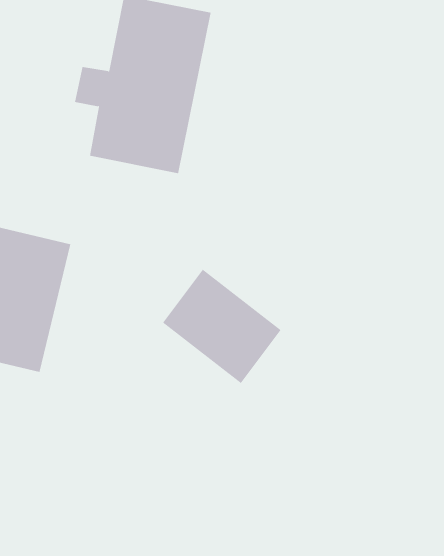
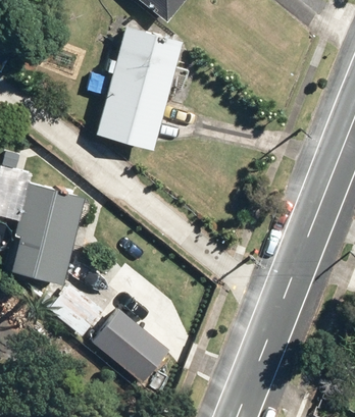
building: [162,269,281,384] -> [88,307,169,385]
building: none -> [47,283,103,338]

